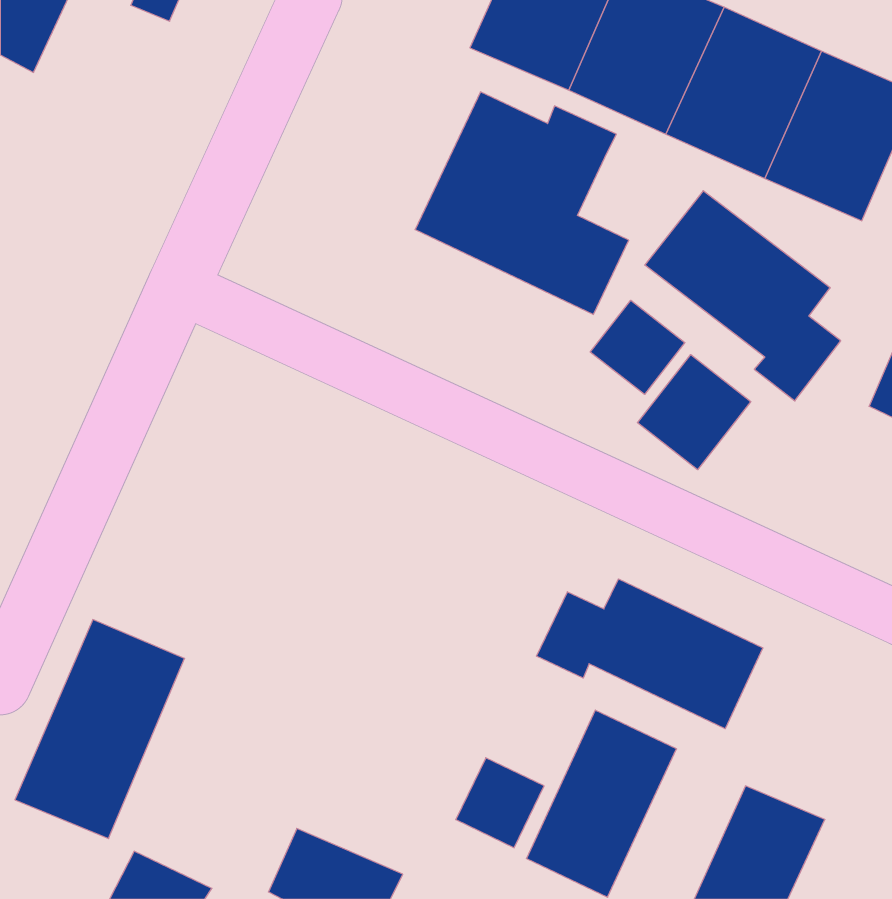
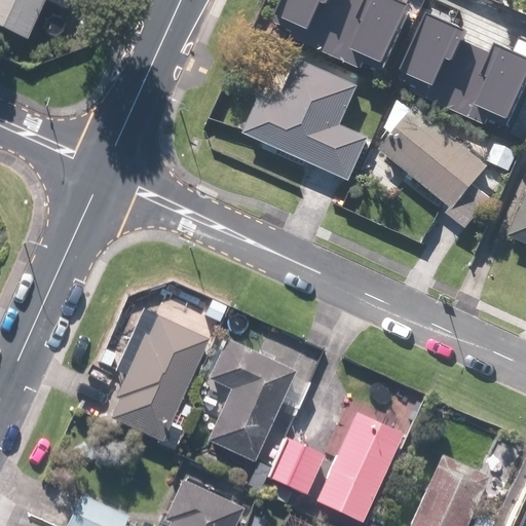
building: [590,300,685,394] -> none
building: [637,355,751,470] -> none
building: [537,579,763,729] -> none
building: none -> [208,341,310,461]
building: [15,620,185,839] -> [110,313,209,441]

